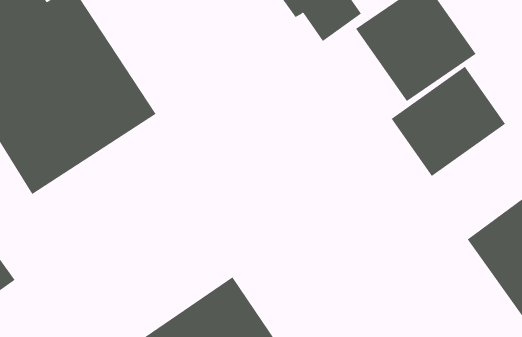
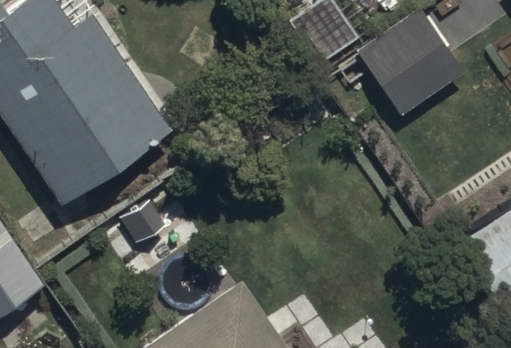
building: [391,66,506,177] -> none

